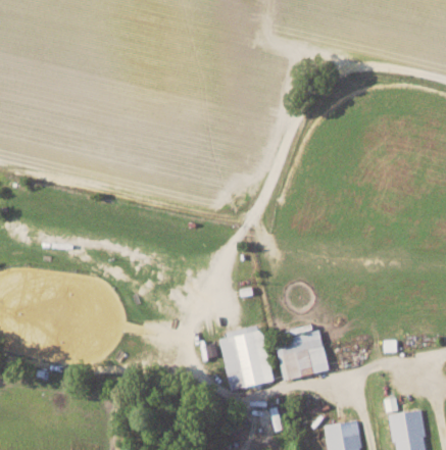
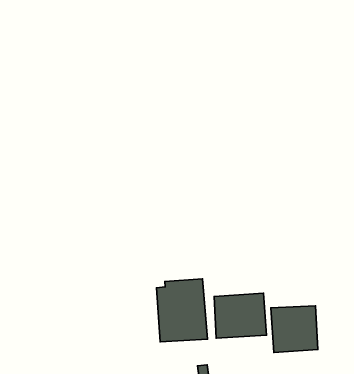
building: none -> [271,306,318,352]

